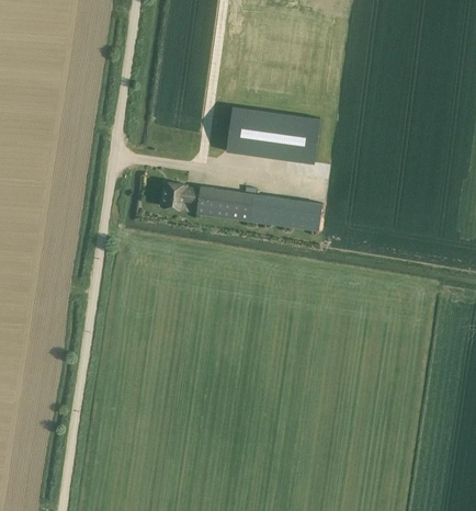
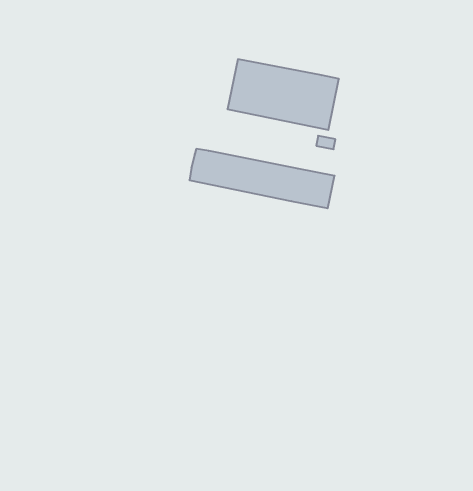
building: [160,181,199,208] -> none

